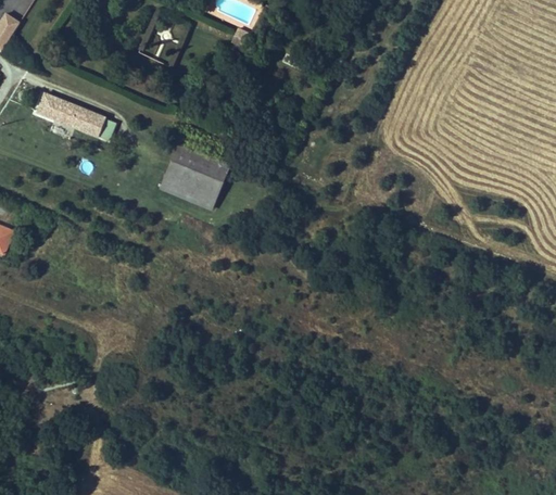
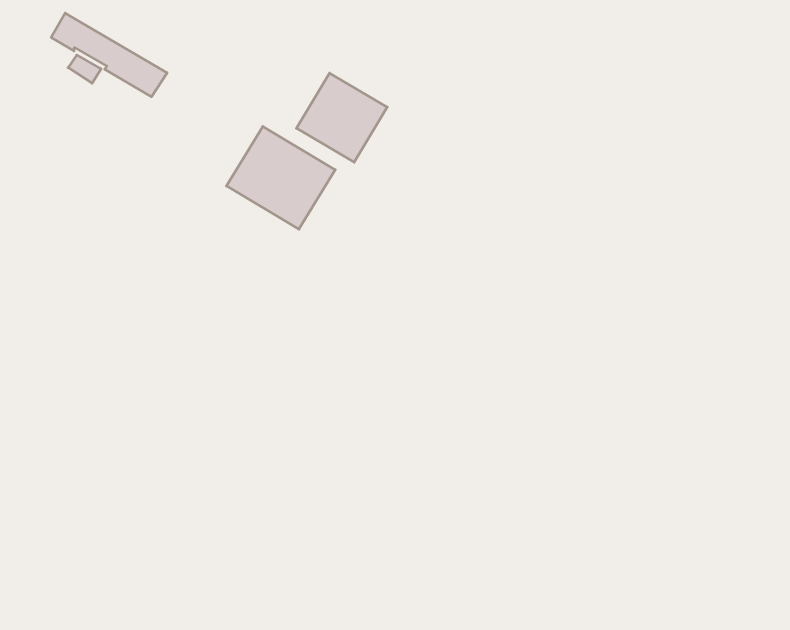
building: none -> [296,73,387,162]

